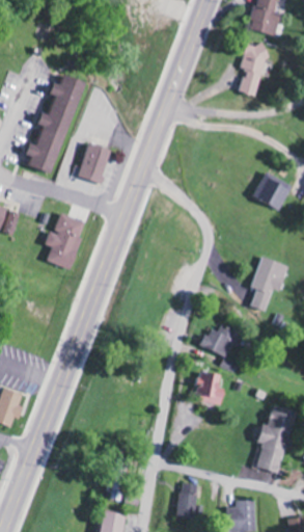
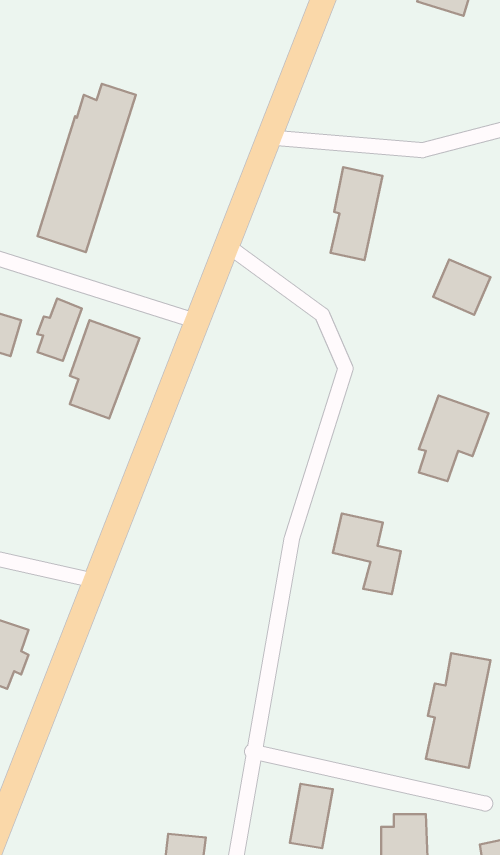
building: [237,43,267,97] -> [331,167,382,260]
building: [79,142,112,184] -> none
building: none -> [37,299,82,361]
building: [195,370,223,404] -> none

